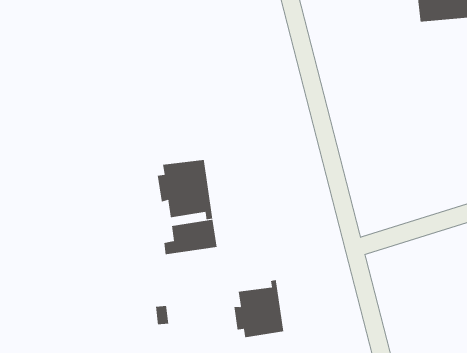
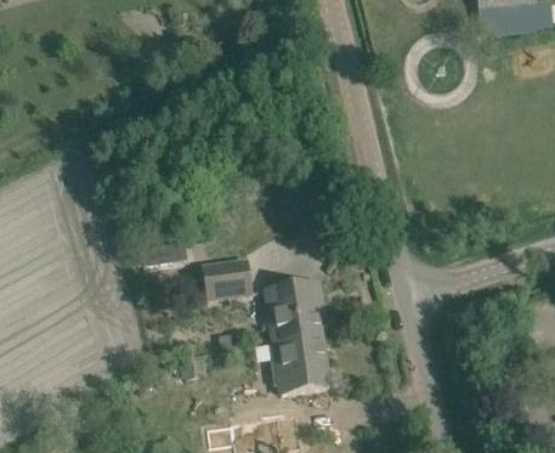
building: [157,159,213,220] -> none
building: none -> [268,281,323,339]

